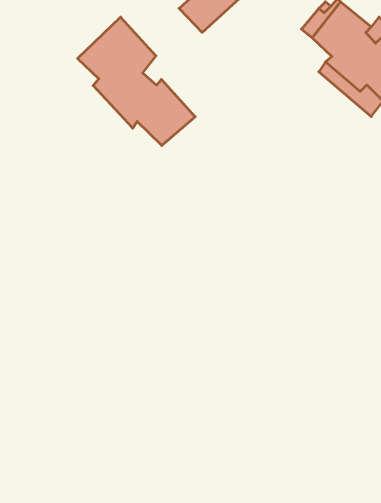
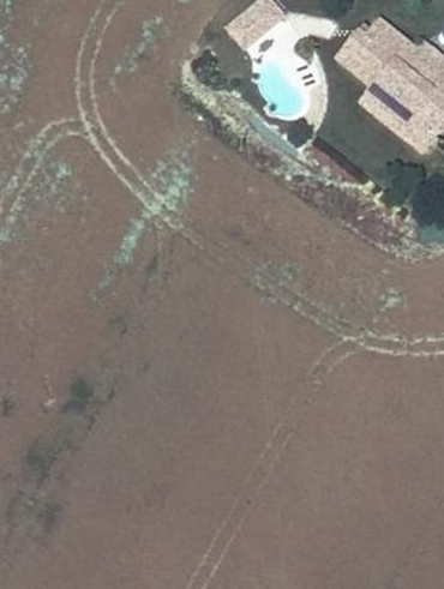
building: [78,17,195,146] -> none

